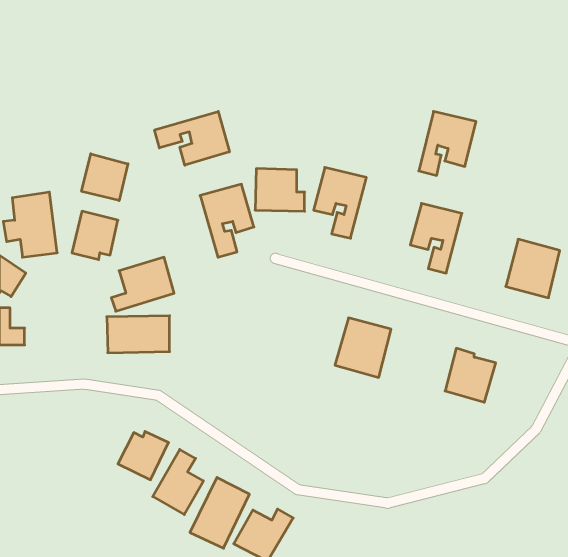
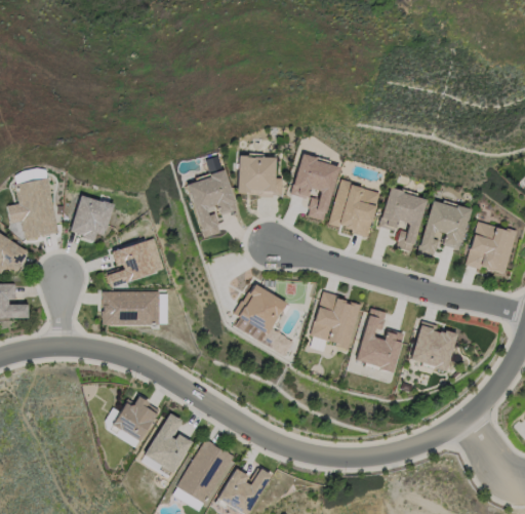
building: [419,111,476,175] -> [418,200,471,259]
building: [155,111,229,165] -> none
building: [82,154,128,201] -> none
building: none -> [330,182,379,236]
building: none -> [236,284,294,355]
building: none -> [357,308,404,371]

